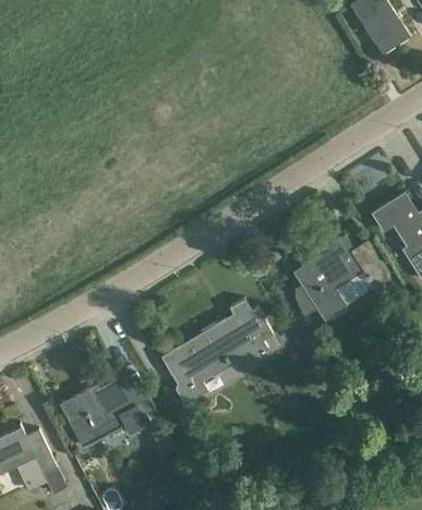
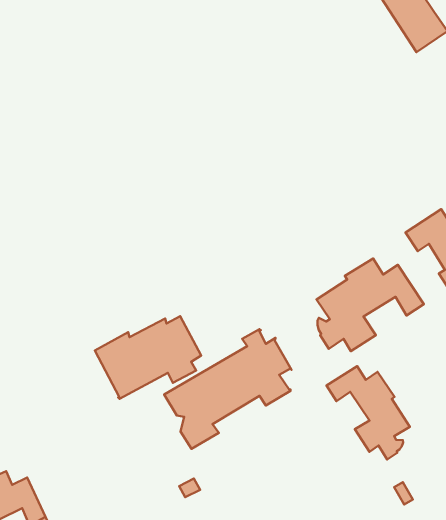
building: none -> [326,366,410,459]
building: [61,374,155,447] -> [95,316,201,399]

